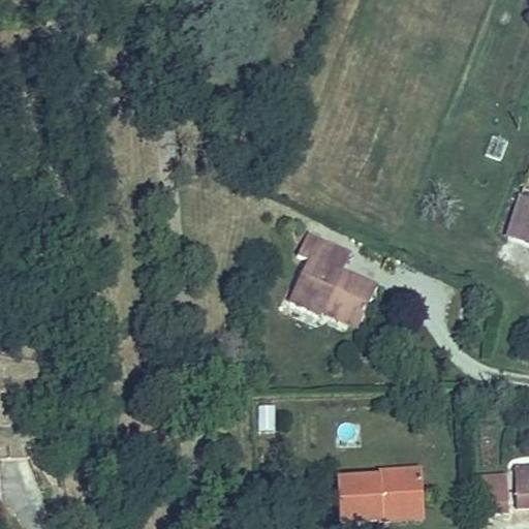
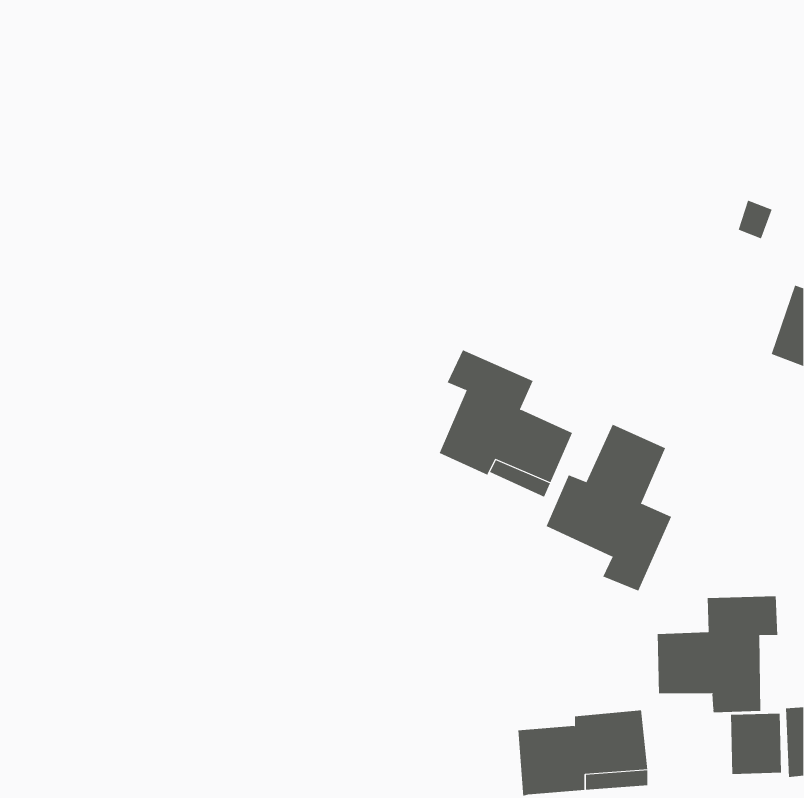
building: none -> [546,424,672,592]
building: none -> [657,596,778,713]

